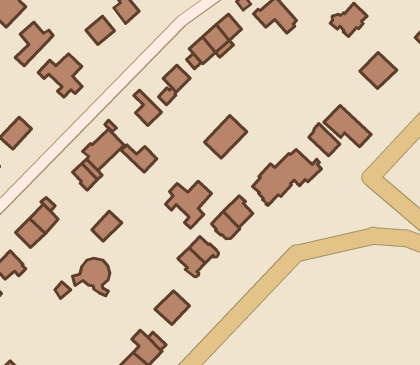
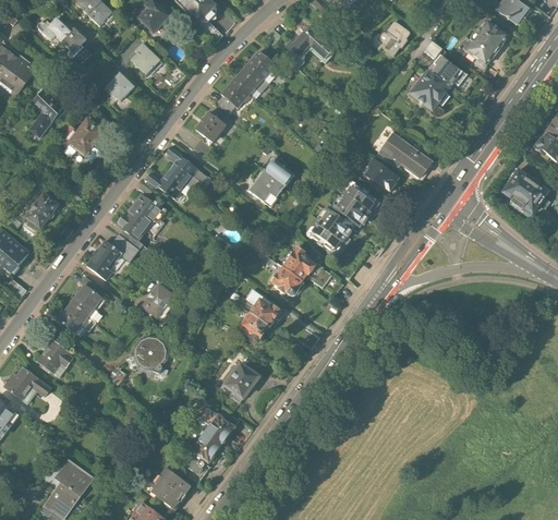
building: none -> [426,52,465,86]
building: [121,145,157,172] -> [145,171,185,199]
building: none -> [86,242,121,280]
building: [165,181,211,228] -> none

